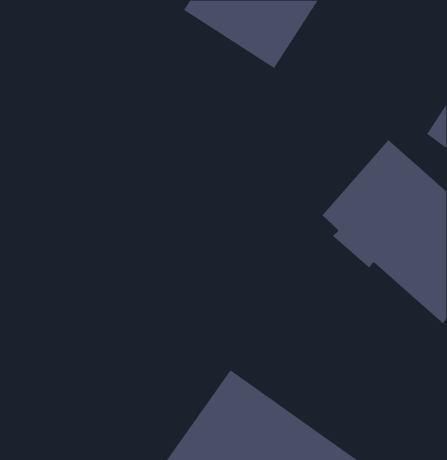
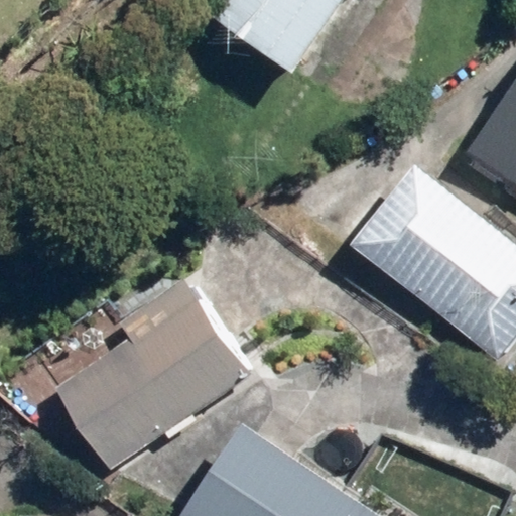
building: none -> [52,270,257,471]

